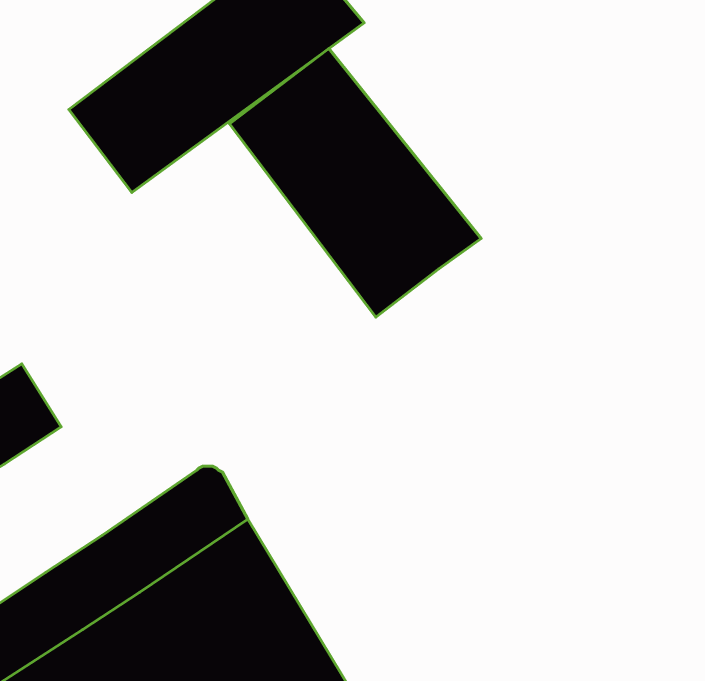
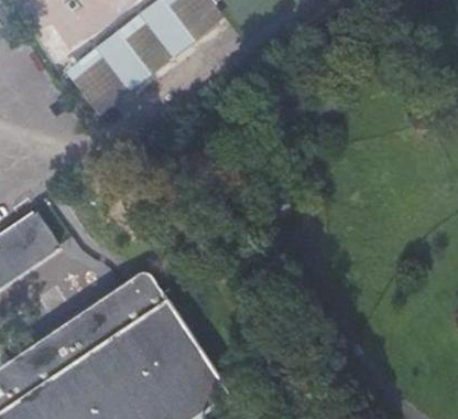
building: [229,49,481,317] -> none

